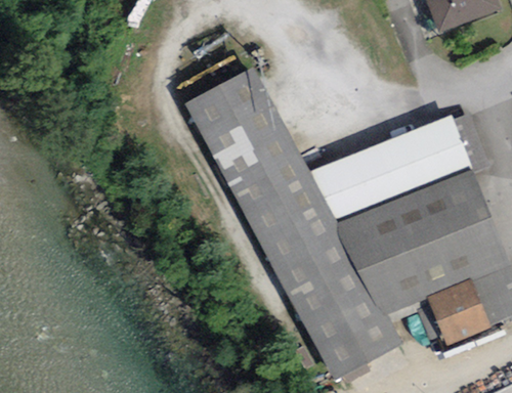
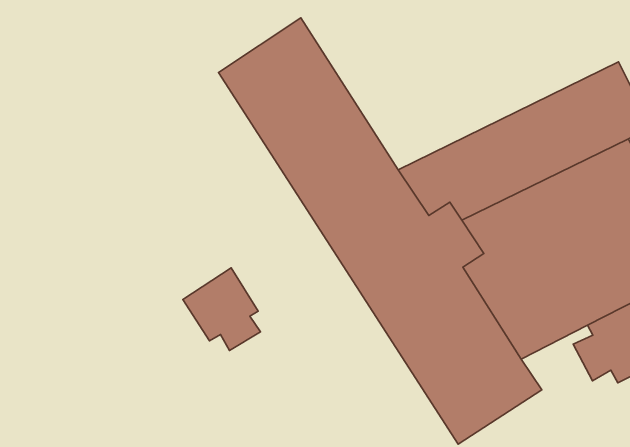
building: none -> [183,268,261,351]

